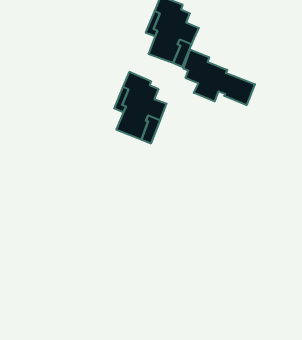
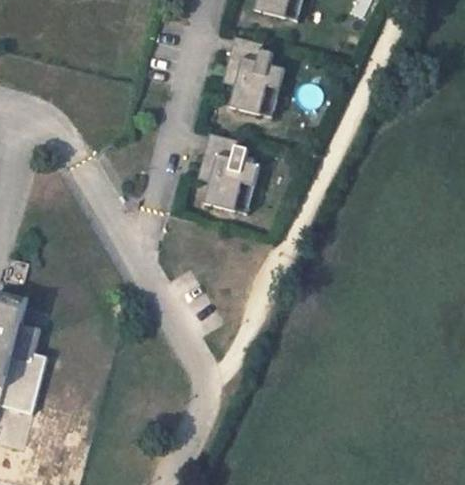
building: [183,50,255,105] -> none

